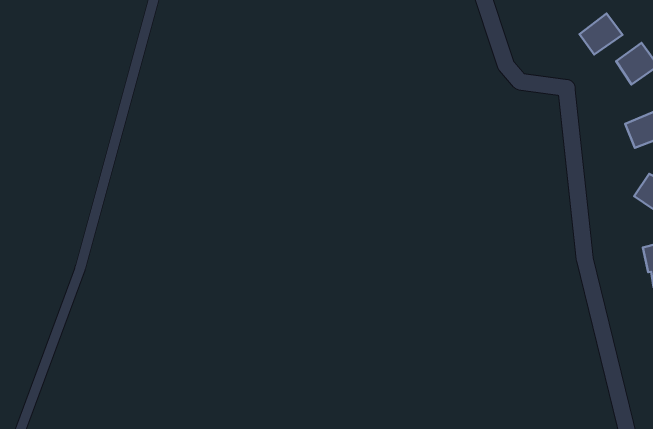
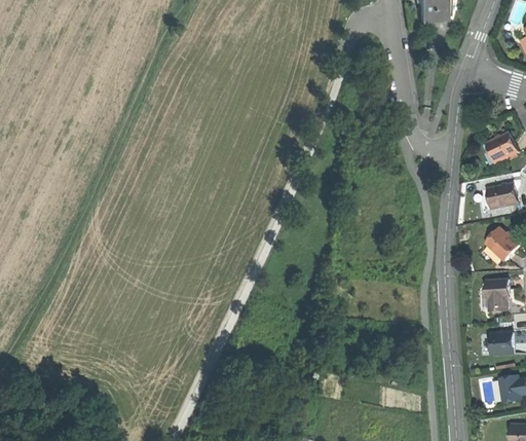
building: [579,13,622,55] -> none

